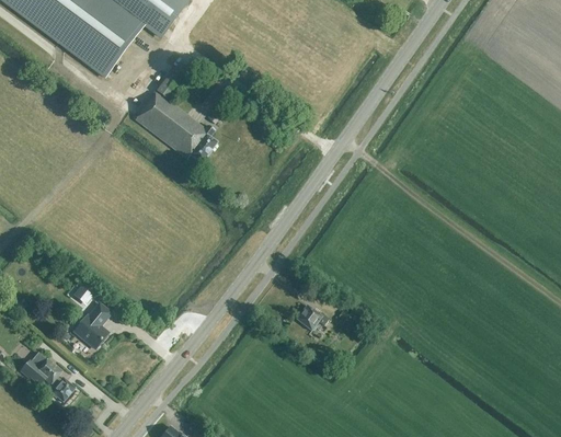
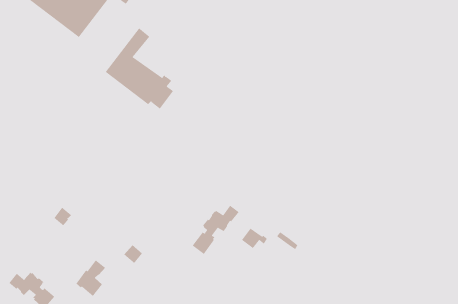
building: none -> [192,205,239,255]
building: [75,301,111,346] -> [75,260,106,297]

